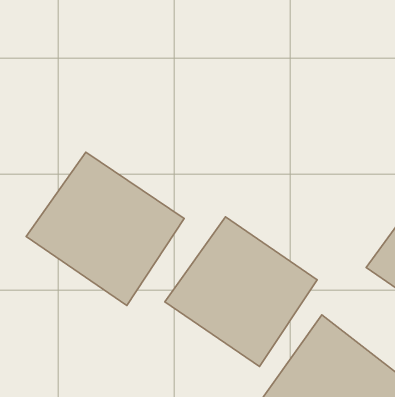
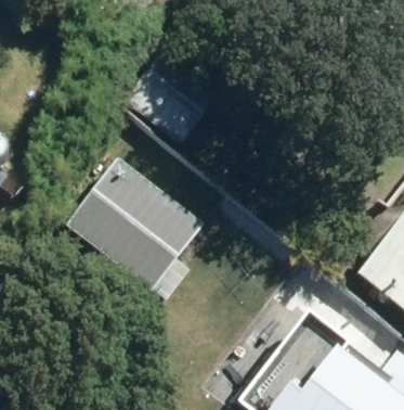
building: [165,217,317,367] -> none

